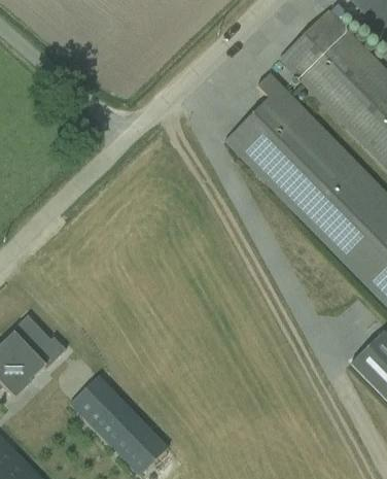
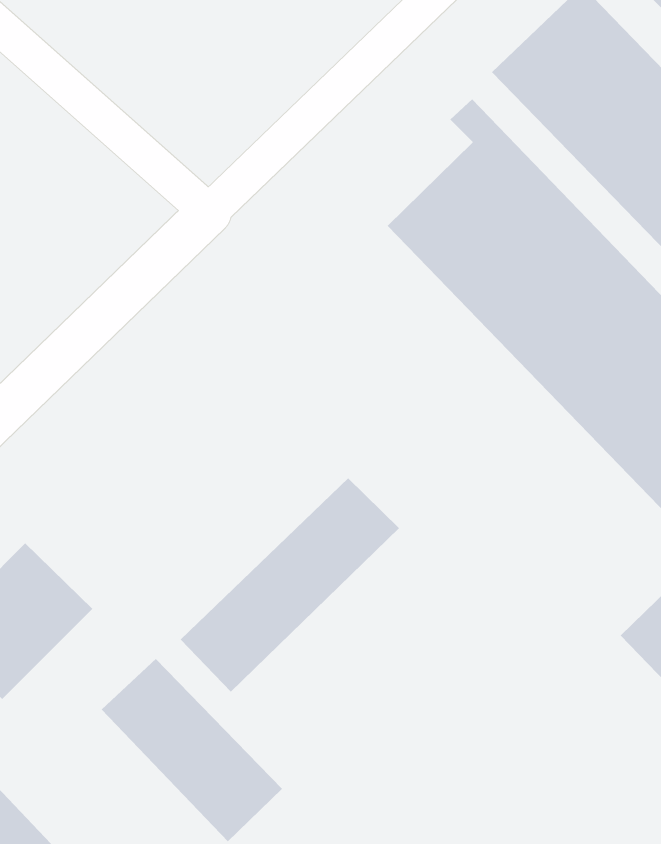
building: none -> [180,477,400,692]

